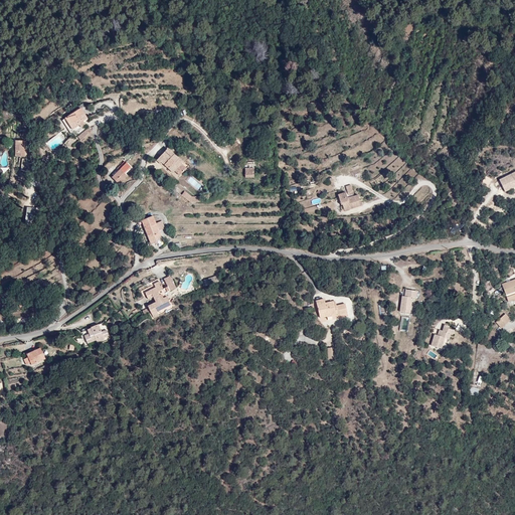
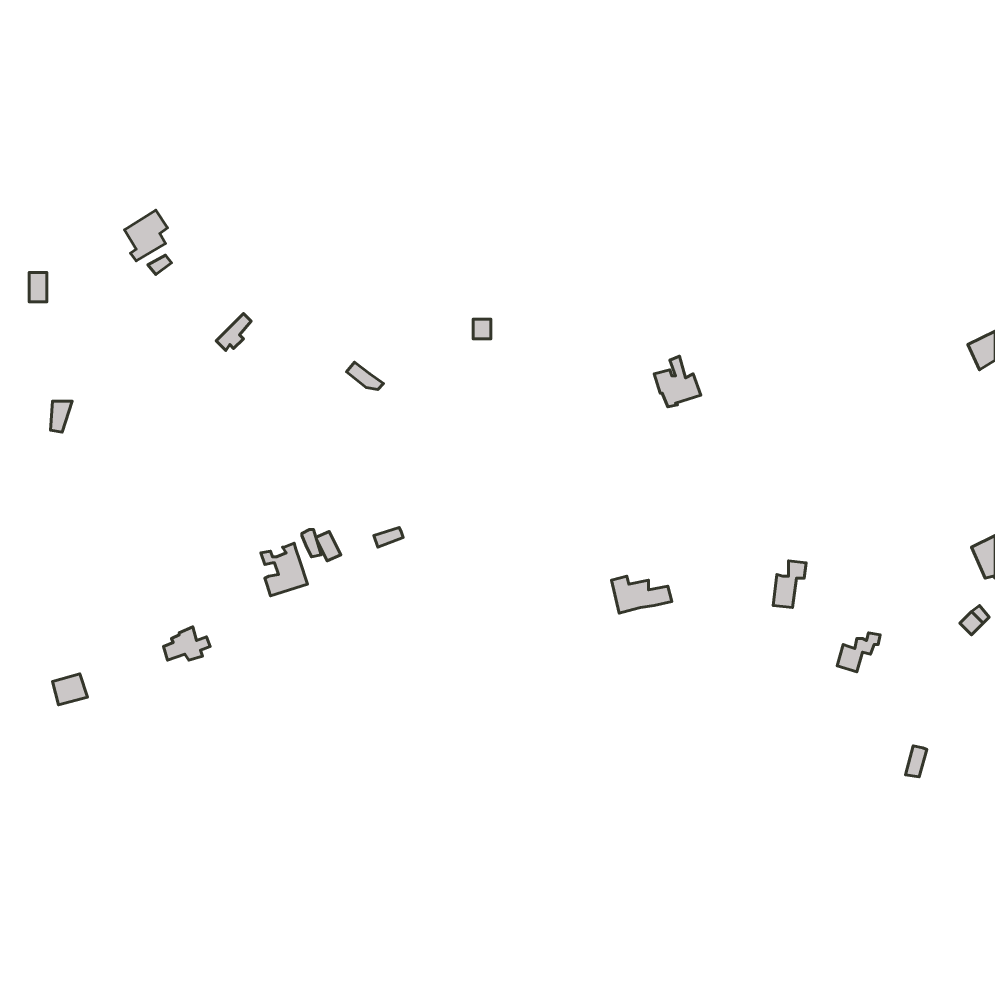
building: [152,146,182,171] -> none
building: [143,215,166,243] -> none

